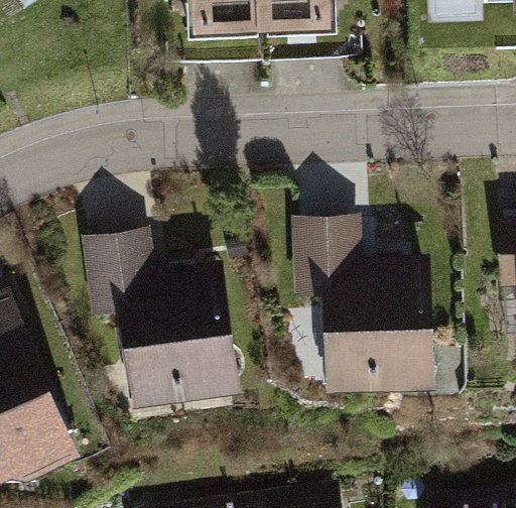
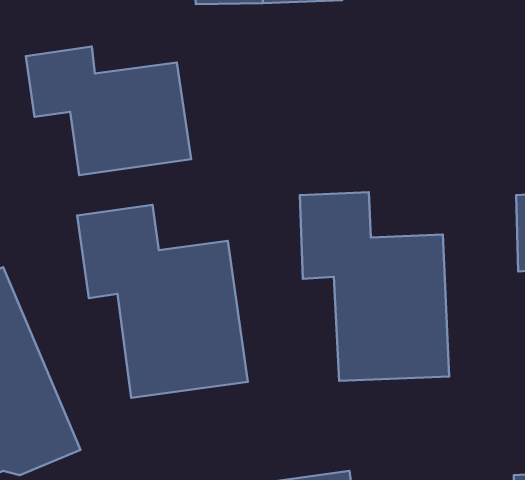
building: none -> [26,46,191,175]

